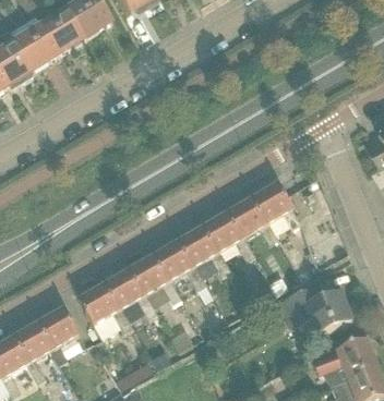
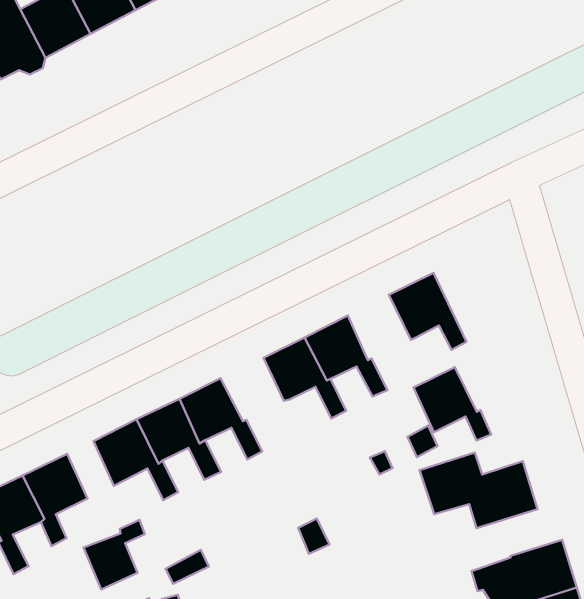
building: [228,196,277,240] -> [414,367,491,441]
building: [154,240,206,288] -> none
building: none -> [84,520,145,589]

